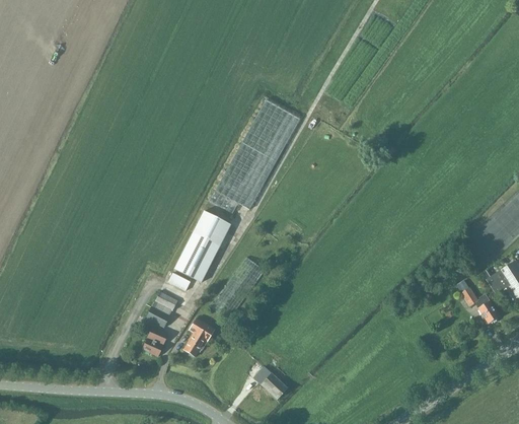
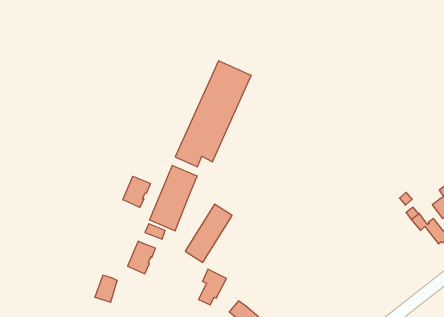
building: none -> [123,176,150,208]
building: [182,319,215,358] -> [199,269,226,305]
building: [141,328,167,358] -> [95,275,117,302]

